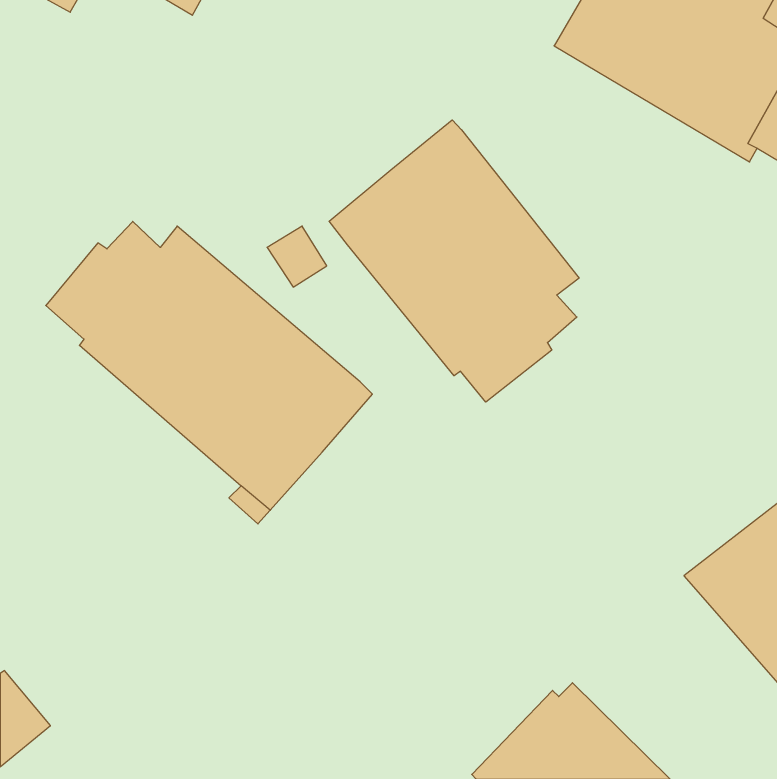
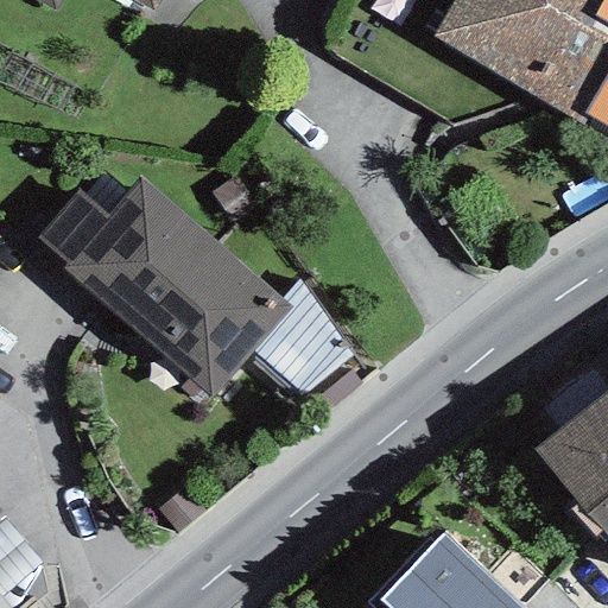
building: [329,120,579,402] -> none
building: none -> [253,279,355,395]

